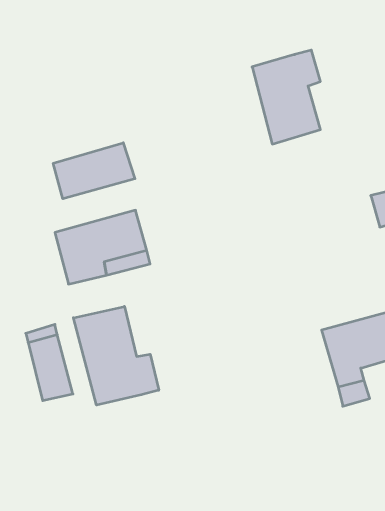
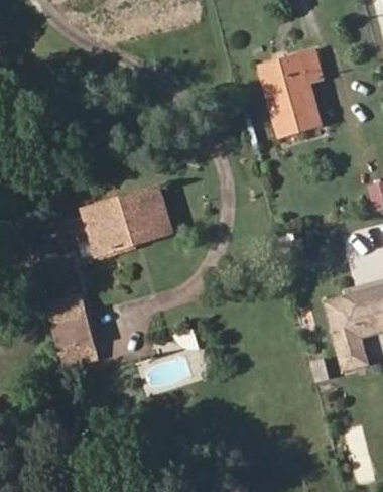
building: [53,143,135,199] -> none
building: [73,306,159,405] -> none

